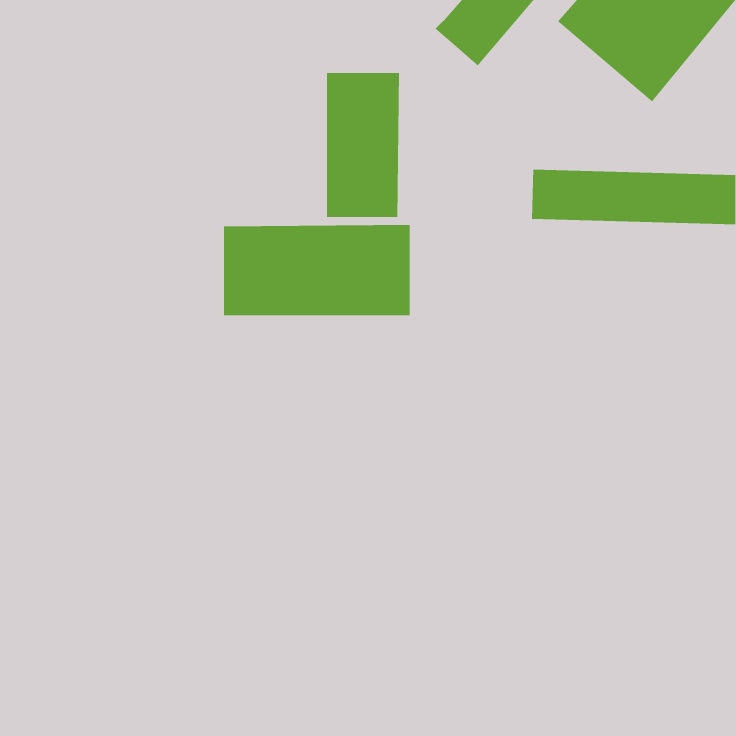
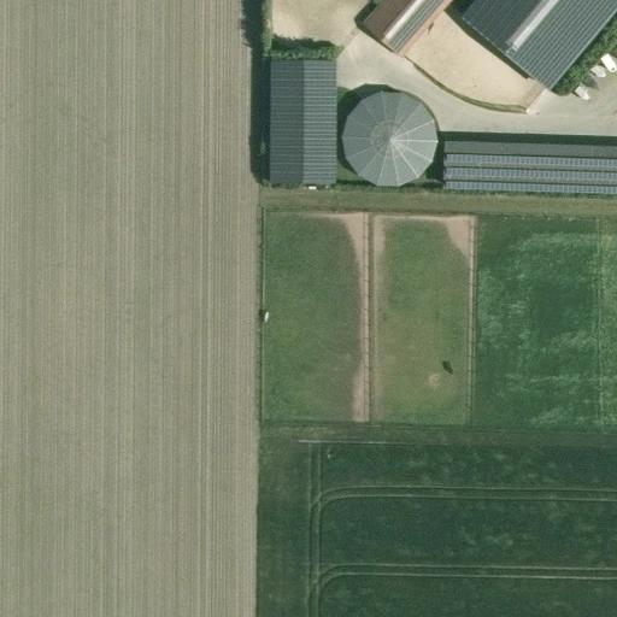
building: none -> [343,98,433,187]
building: [223,224,411,316] -> none

